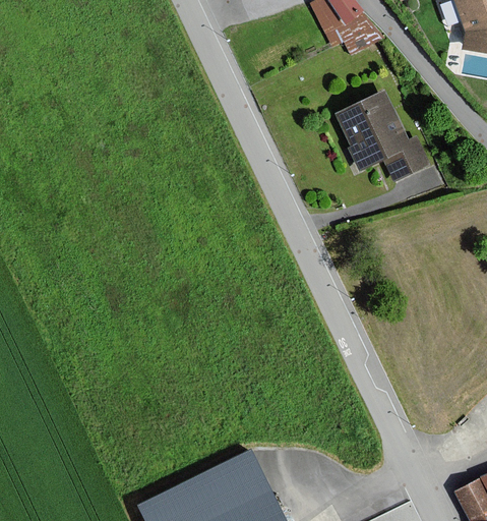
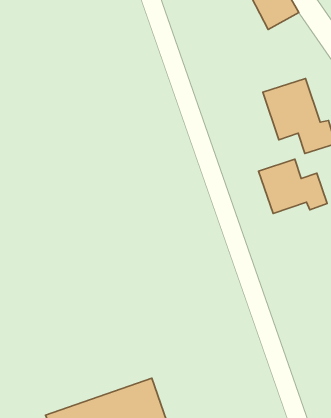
building: none -> [258,159,327,214]

